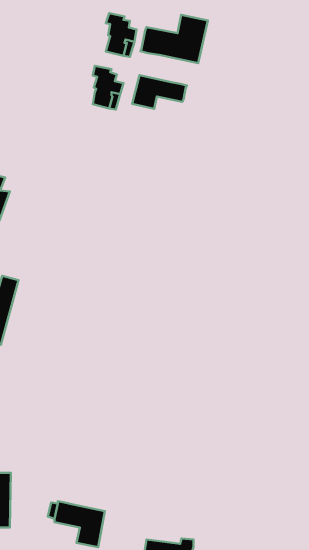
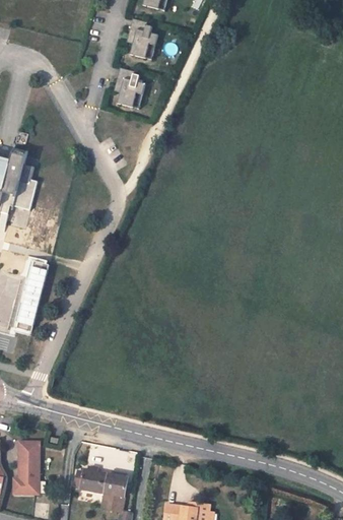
building: [140,15,208,63] -> none
building: [132,75,187,109] -> none

